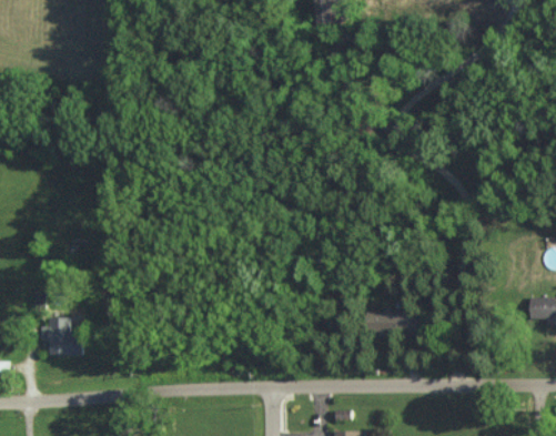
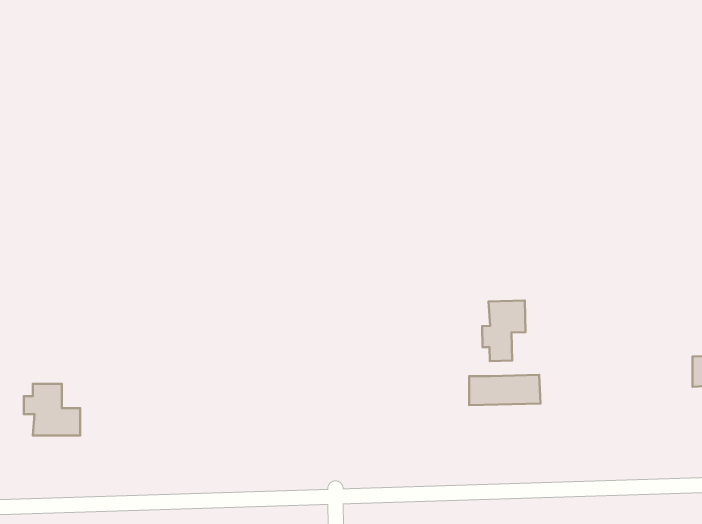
building: none -> [482,301,525,361]

